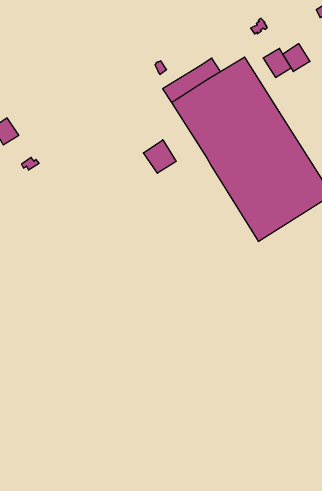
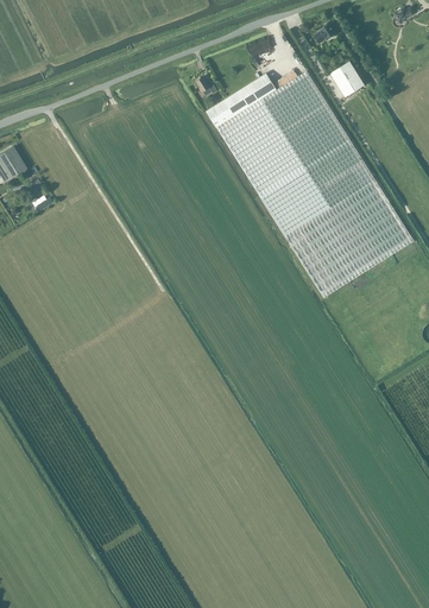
building: [283,44,310,72] -> none
building: [143,140,176,173] -> none

